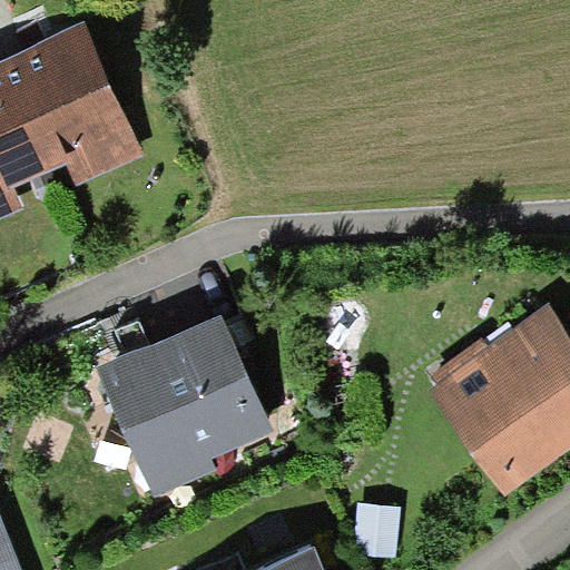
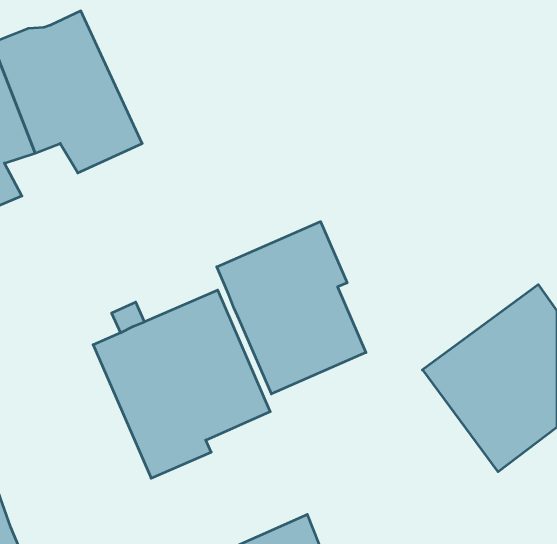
building: none -> [217,222,366,394]

